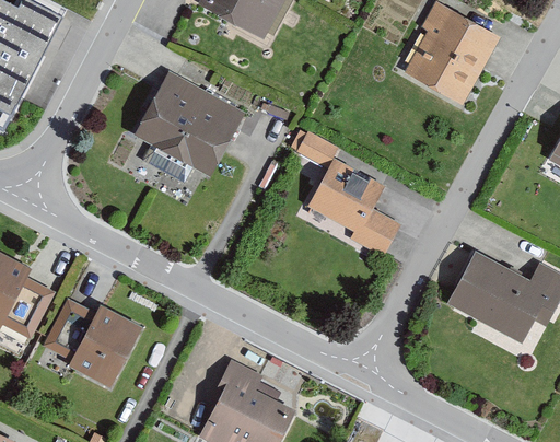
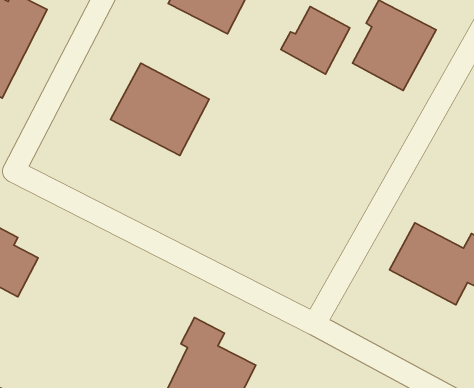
building: none -> [281,7,350,74]
building: [298,133,400,258] -> none
building: [43,298,140,386] -> none

